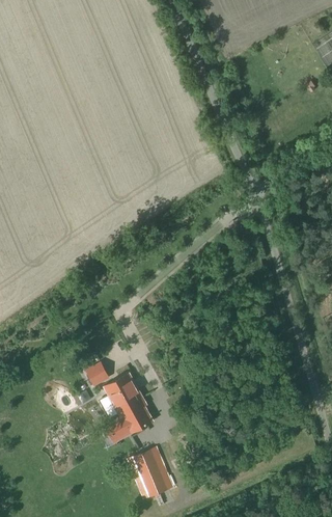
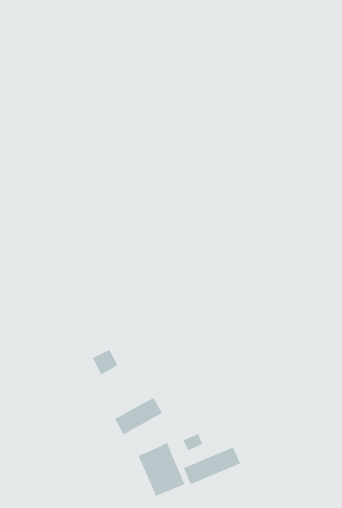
building: [101,373,146,417] -> none
building: none -> [180,446,241,485]

